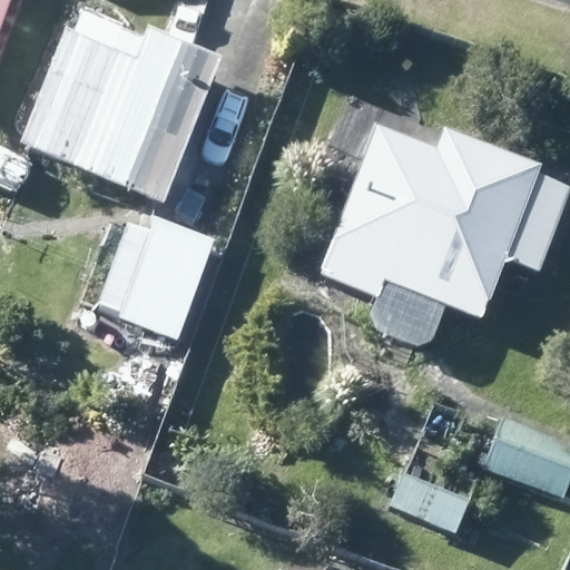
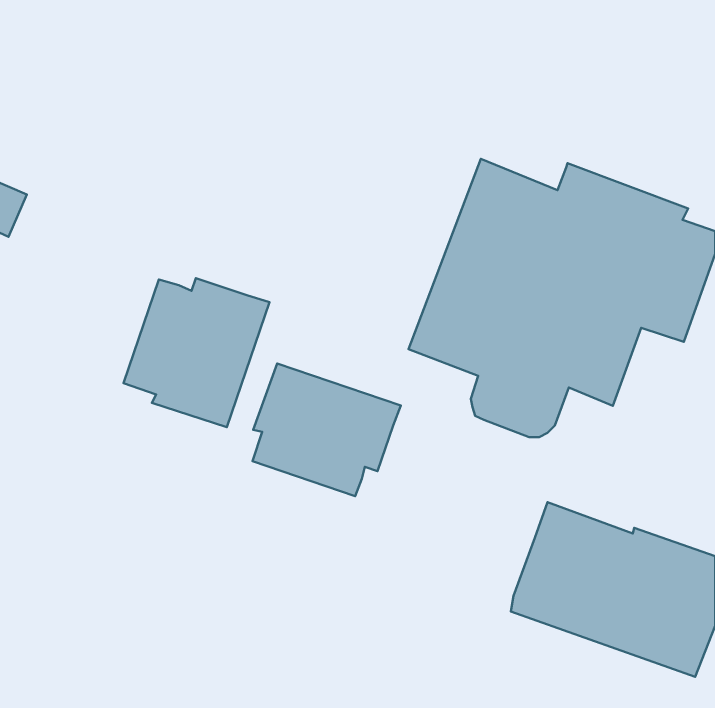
building: [23,32,223,202] -> none
building: none -> [252,363,401,496]

